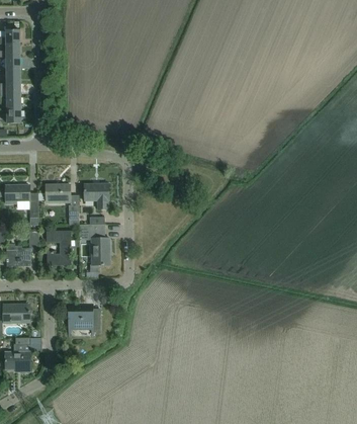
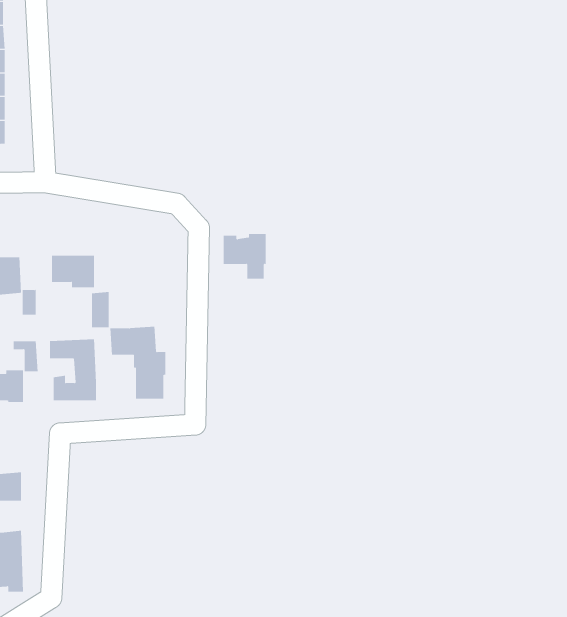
building: [84,182,108,207] -> [223,233,266,279]
building: [68,303,99,336] -> none

